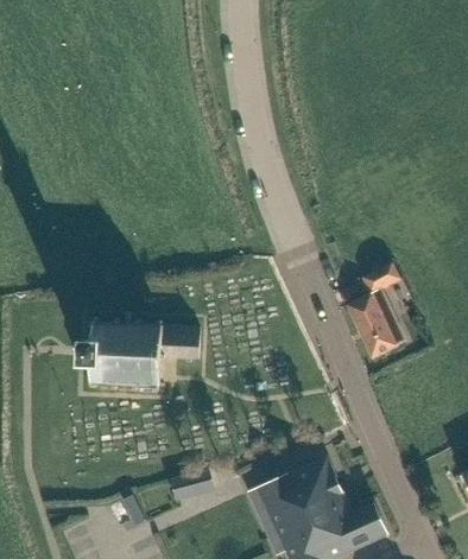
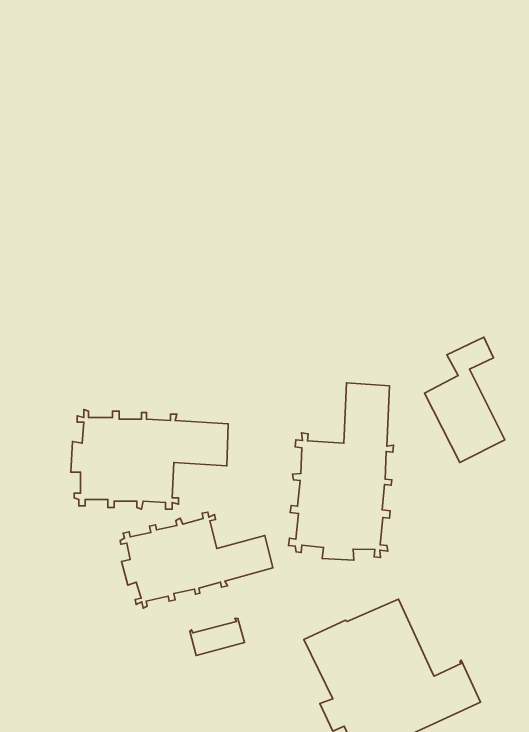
building: none -> [289,383,394,560]
building: none -> [120,512,273,608]

